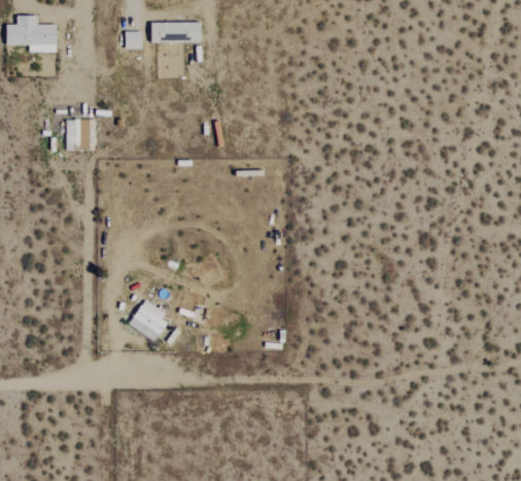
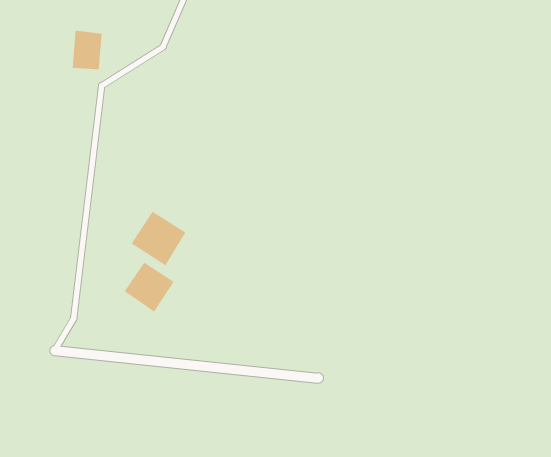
building: none -> [131,211,186,266]

